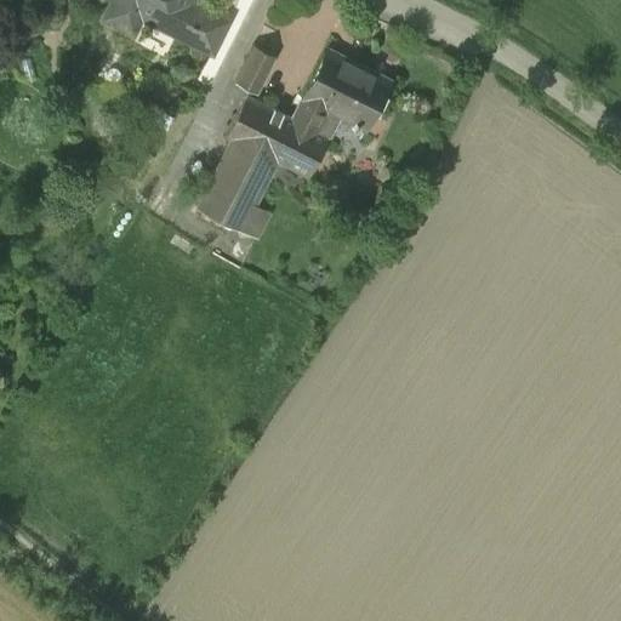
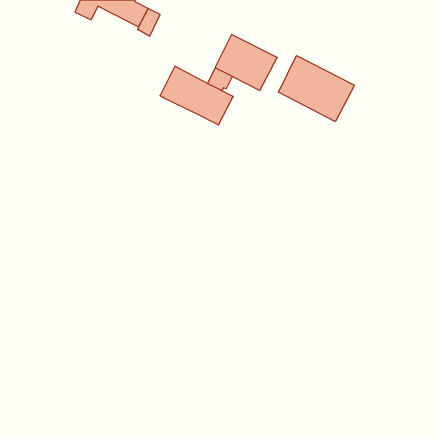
building: [235,47,277,95] -> none
building: none -> [279,56,354,121]
building: [198,141,278,239] -> none

